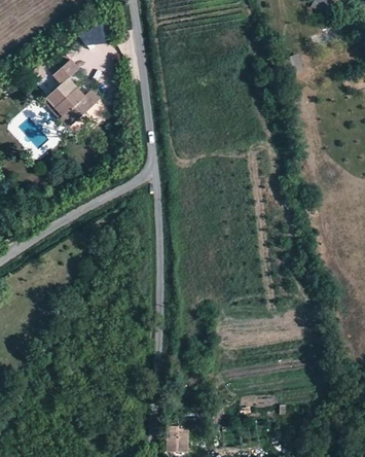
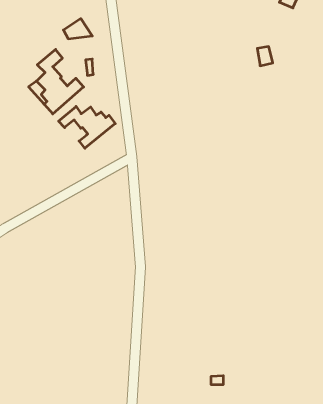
building: none -> [59,106,115,148]

